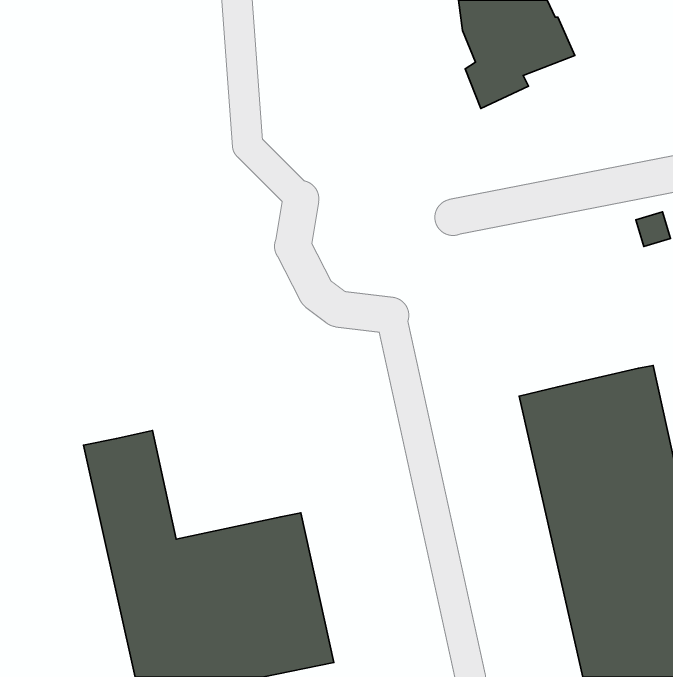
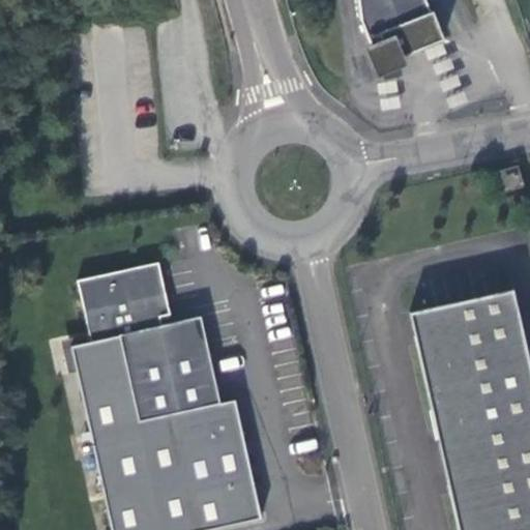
building: none -> [80,262,223,421]

